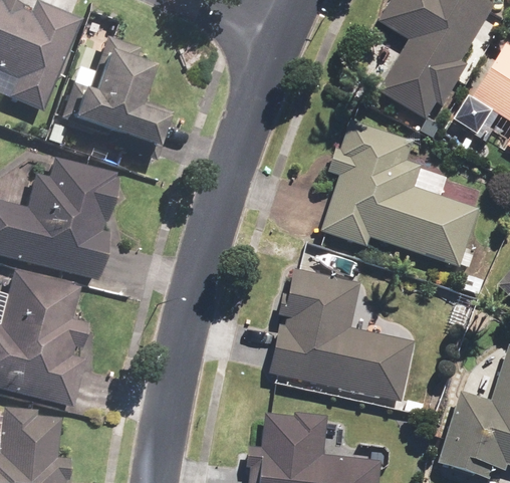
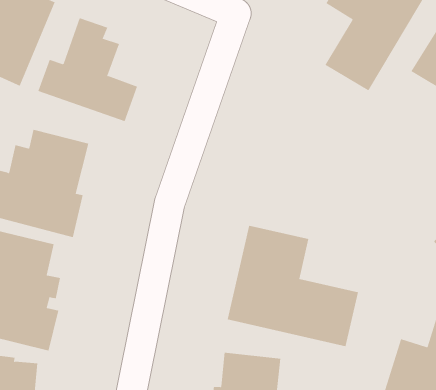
building: [318,124,479,266] -> none

